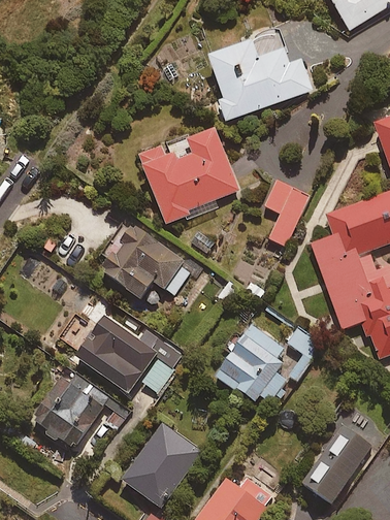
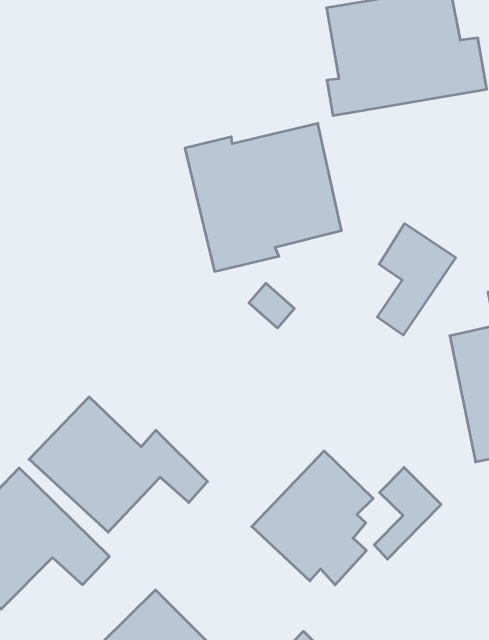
building: [96,224,192,299] -> none

